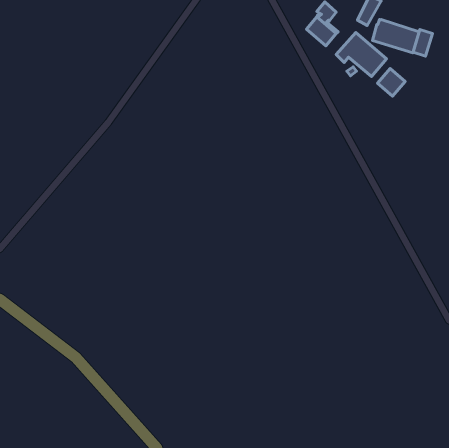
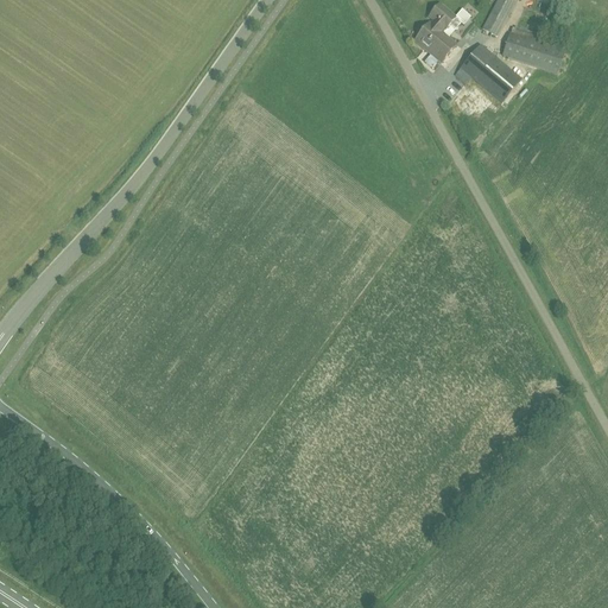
building: [413,30,432,56] -> none
building: [378,68,405,96] -> none

